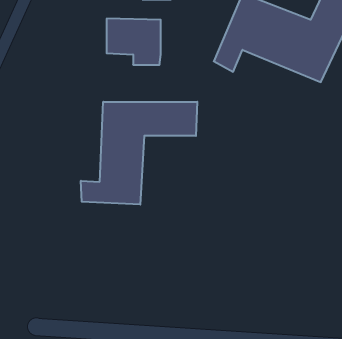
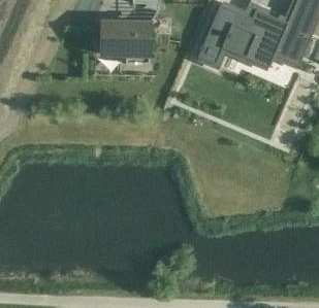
building: [81,102,197,205] -> none

